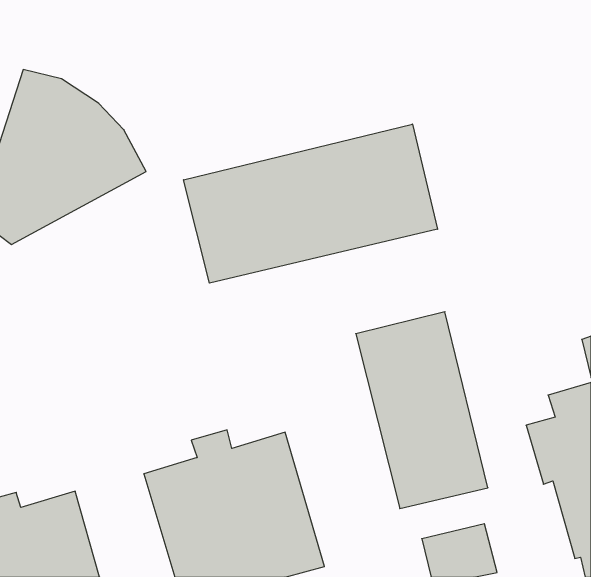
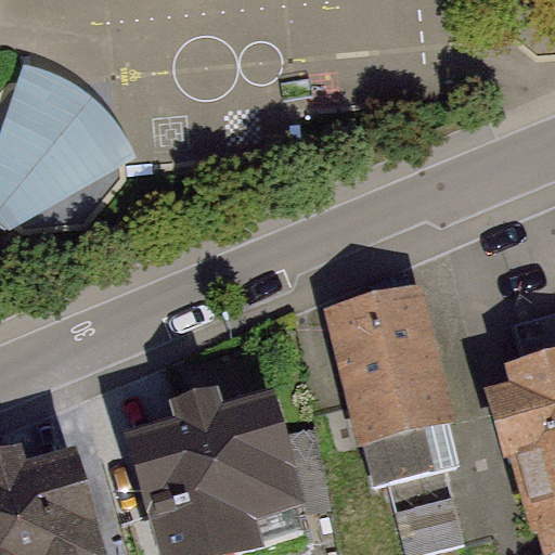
building: [184,124,438,283] -> none

